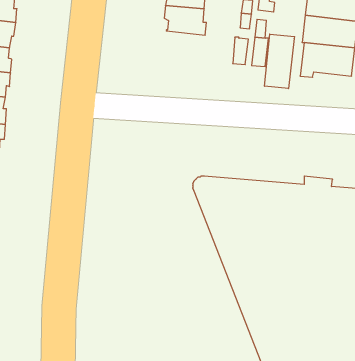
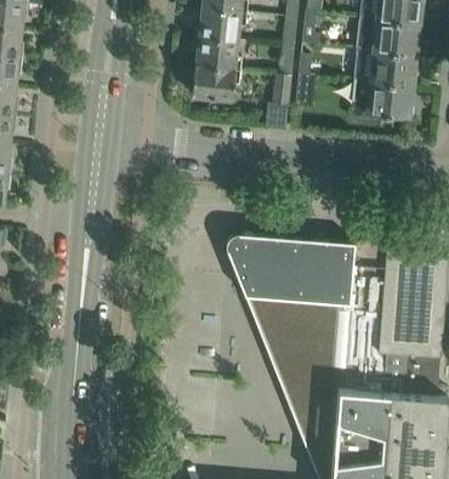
building: none -> [192,65,240,101]
building: [265,34,295,89] -> none

